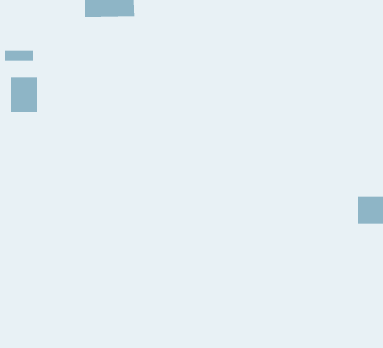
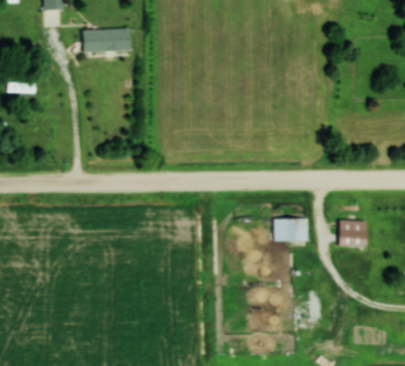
building: [10,76,38,113] -> none
building: none -> [274,218,308,241]

